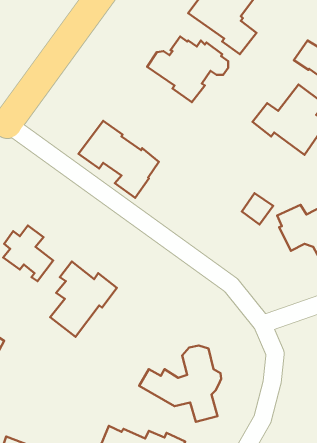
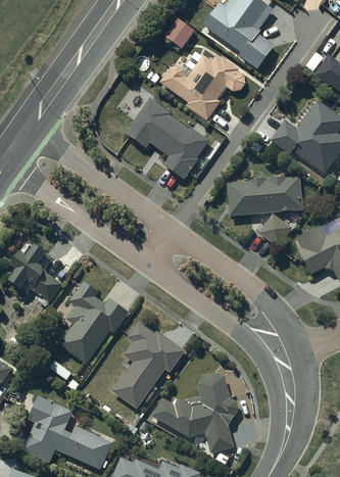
building: none -> [164,17,194,47]
building: [79,121,159,198] -> [125,98,208,179]
building: none -> [226,177,302,216]
building: none -> [112,322,184,408]
building: none -> [22,395,112,469]

